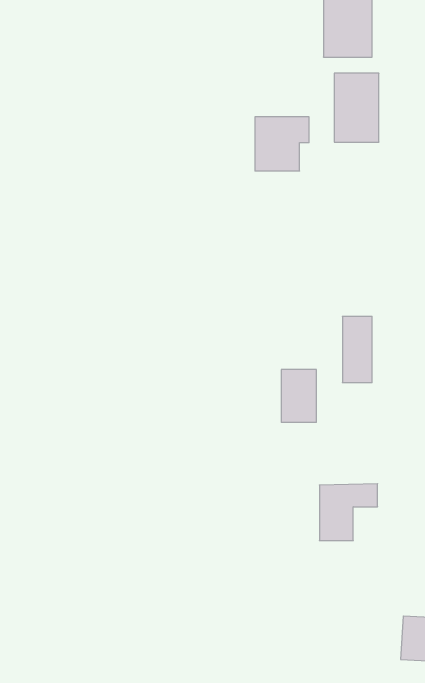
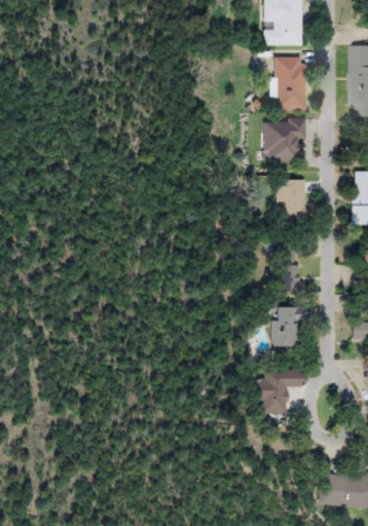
building: [255,117,309,171] -> [262,119,303,160]
building: none -> [273,179,303,225]
building: [281,370,316,422] -> [274,307,301,347]

